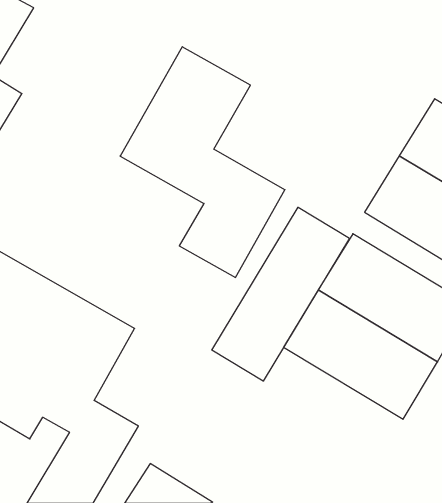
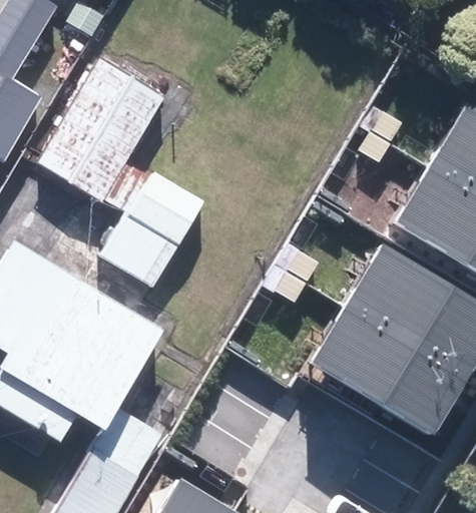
building: [120,47,285,277] -> [36,60,203,295]
building: [212,207,349,381] -> none

